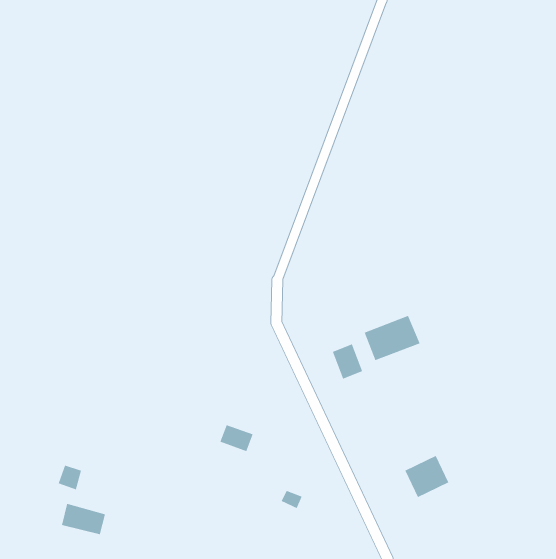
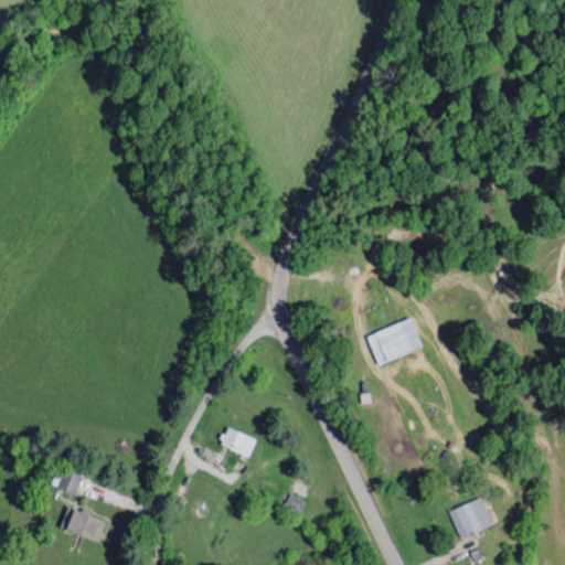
building: [332,343,363,379] -> none
building: [404,455,449,498] -> [449,497,494,540]

